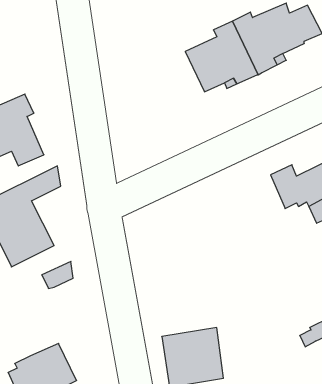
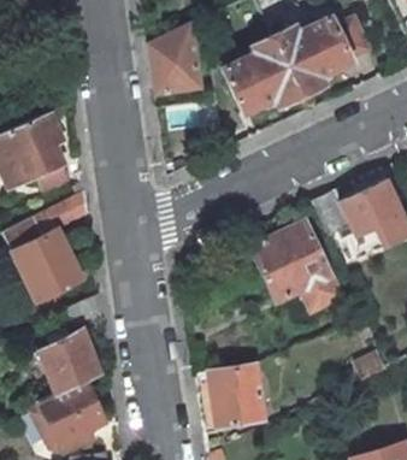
building: none -> [151,25,201,93]
building: none -> [252,220,341,306]
building: none -> [41,330,100,394]

